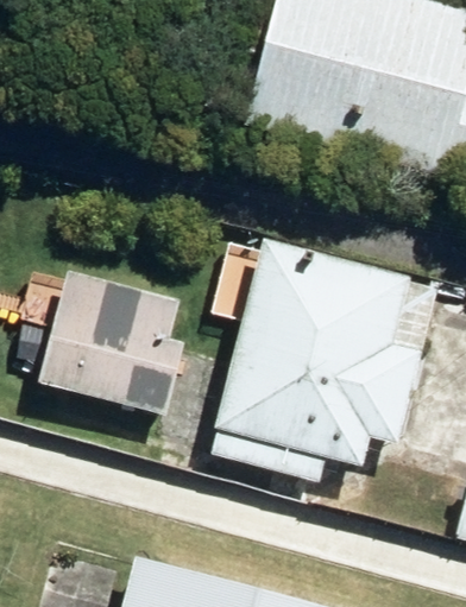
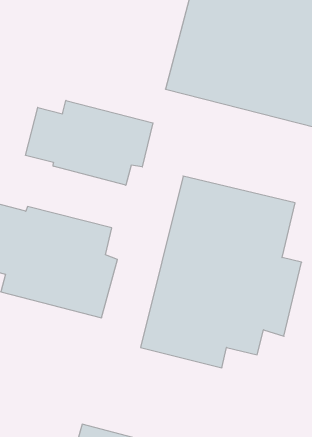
building: none -> [26,100,153,185]

